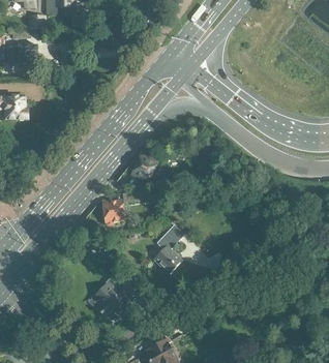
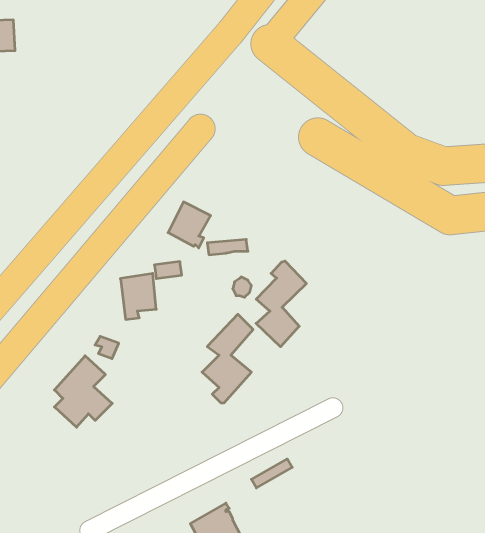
building: none -> [256,261,306,347]
building: [93,275,128,319] -> [54,356,112,427]

